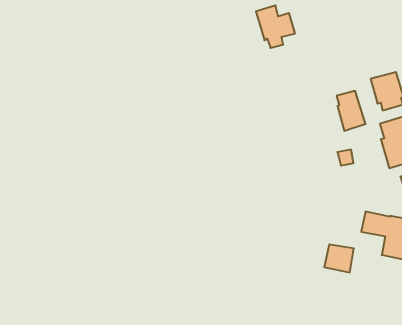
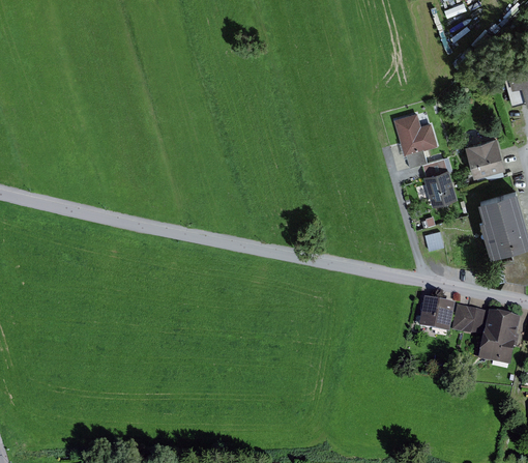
building: [256,5,295,48] -> [392,113,440,165]
building: [324,244,354,272] -> [417,298,453,332]

